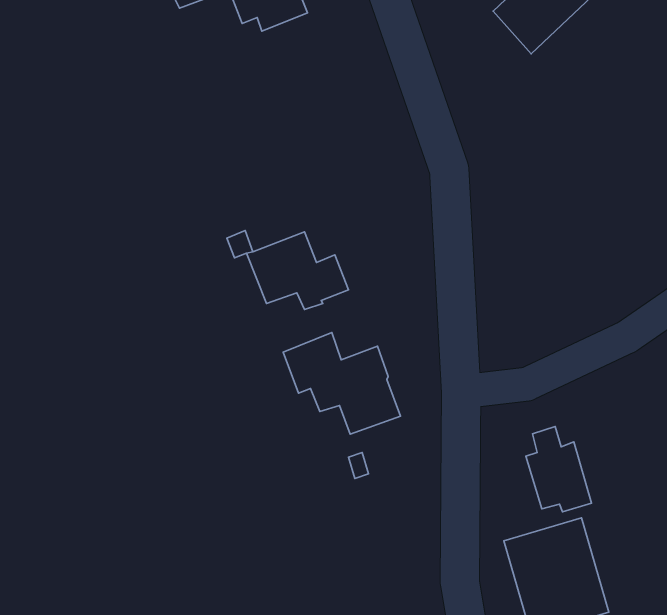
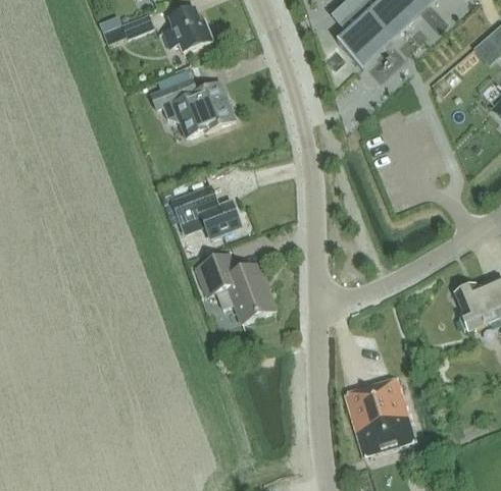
building: none -> [149,74,237,139]
building: [526,426,591,512] -> none

